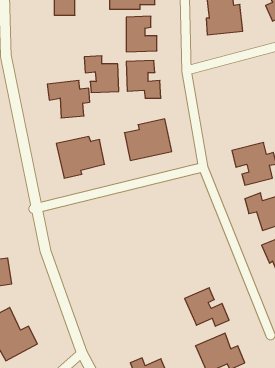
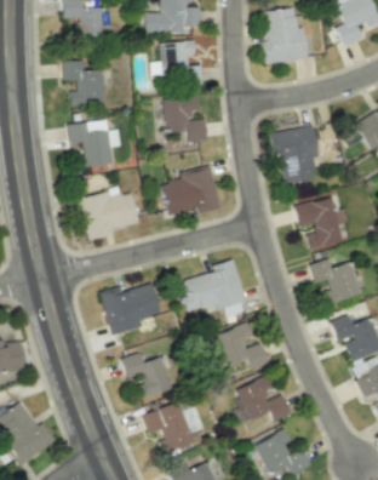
building: [84,56,119,92] -> [63,61,105,105]
building: none -> [275,127,319,184]
building: none -> [181,259,246,316]
building: none -> [101,284,160,335]
building: none -> [214,322,269,370]
building: none -> [121,354,172,399]
building: none -> [143,401,204,452]

